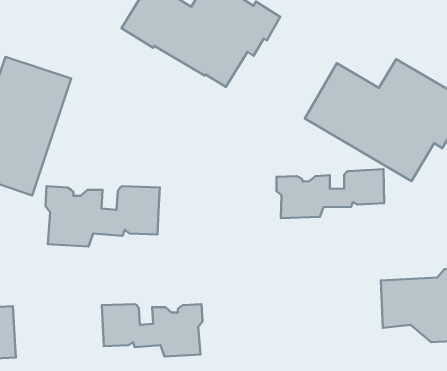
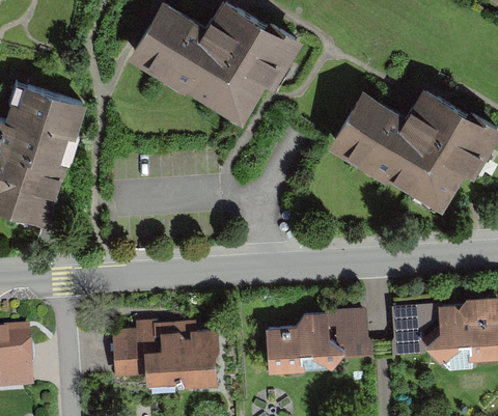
building: [277,169,384,218] -> none
building: [45,186,160,246] -> none
building: none -> [264,307,371,379]

